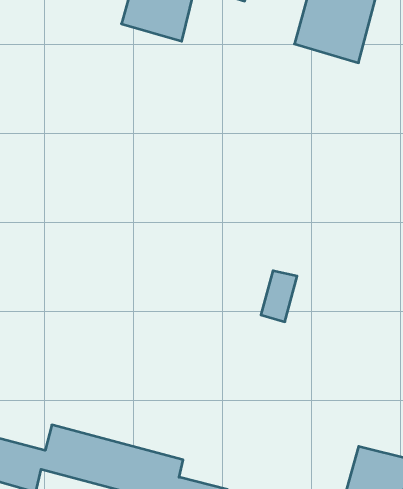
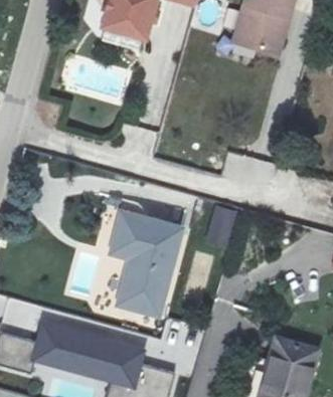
building: none -> [114,211,185,315]

